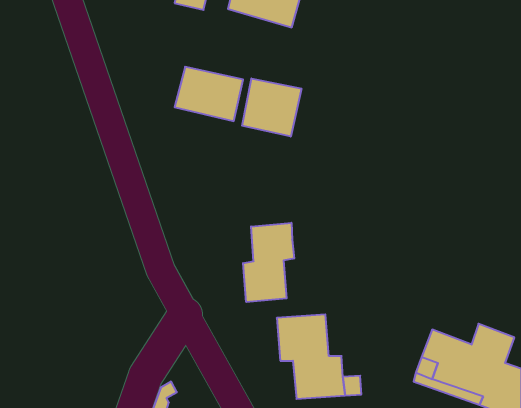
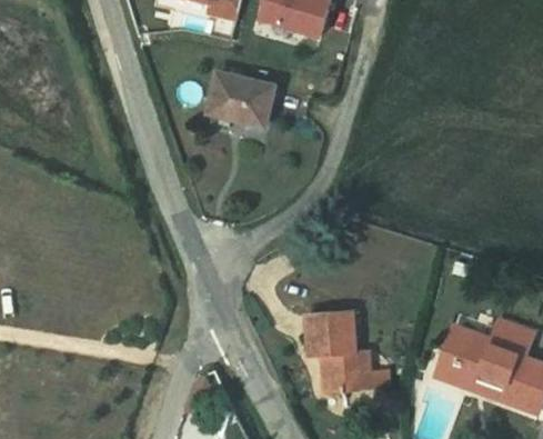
building: [242,78,301,137] -> none
building: [243,223,294,302] -> none

